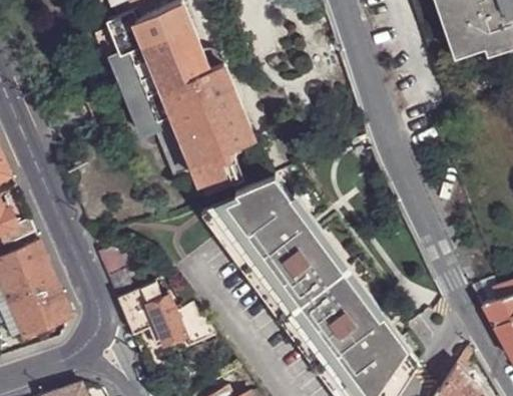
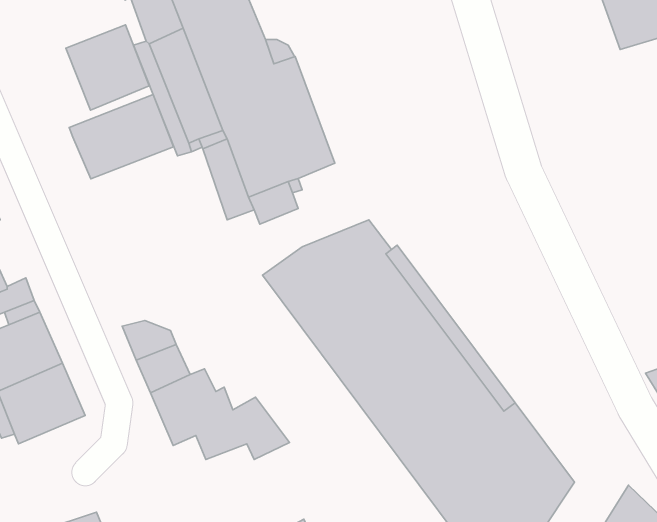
building: none -> [66,25,149,110]
building: none -> [69,94,173,179]

